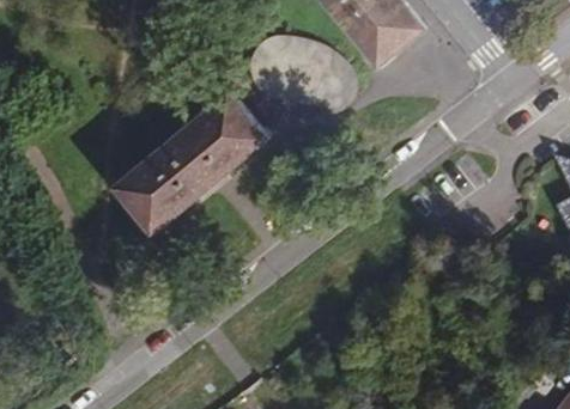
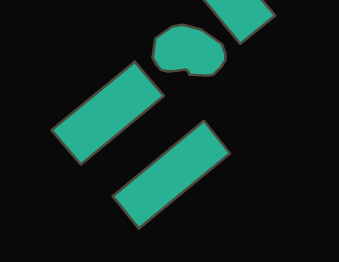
building: none -> [113,121,230,229]

